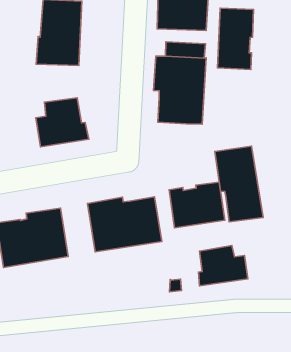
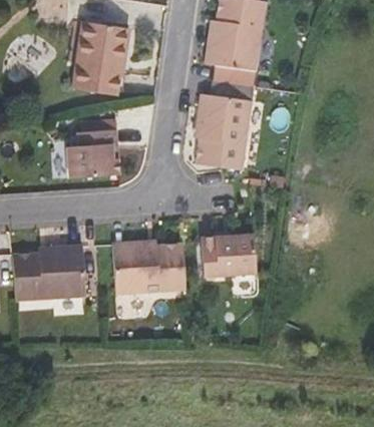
building: [217,8,254,69] -> none
building: [215,146,263,222] -> none
building: [198,246,248,286] -> none

